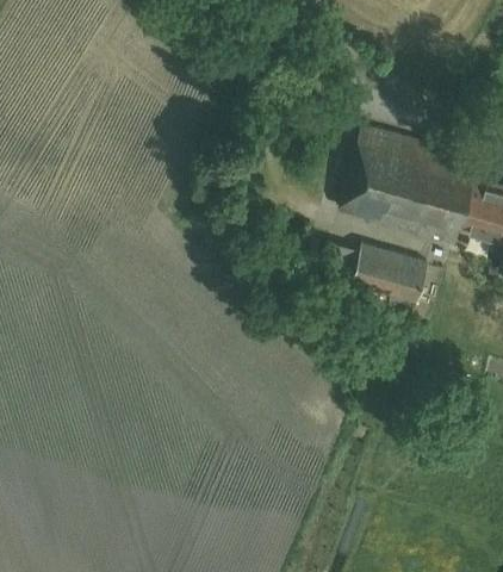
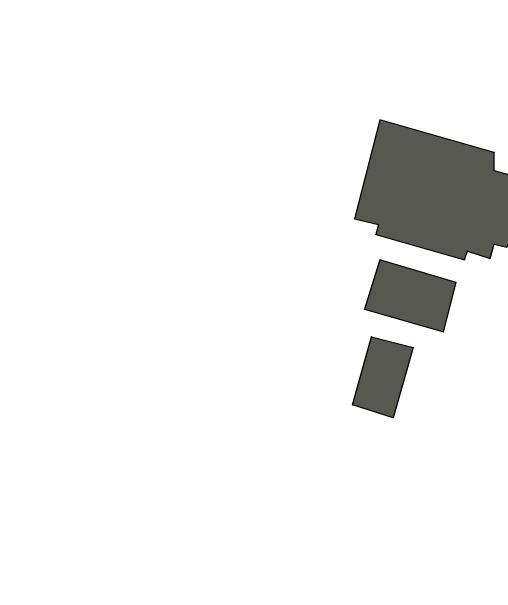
building: none -> [353,337,413,418]

